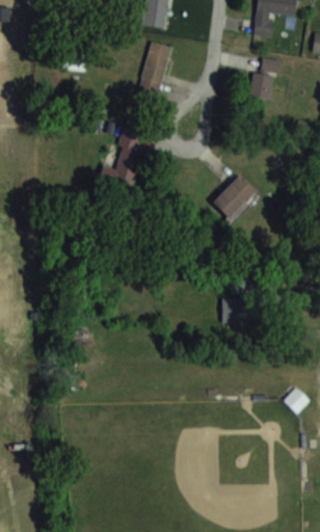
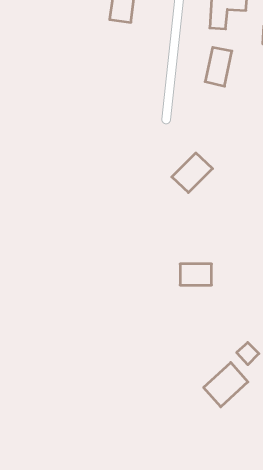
building: [137,41,172,97] -> none
building: [100,125,145,189] -> none
building: none -> [204,362,248,407]

